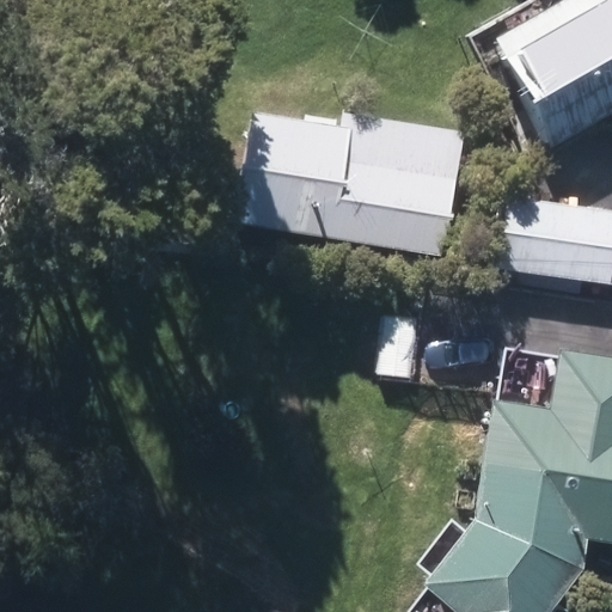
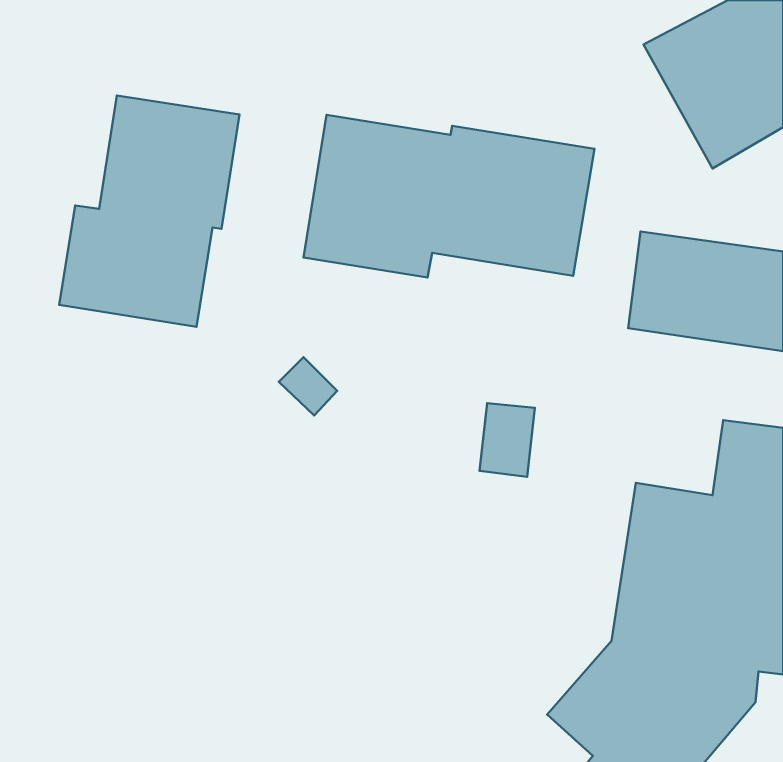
building: none -> [59,96,240,327]

